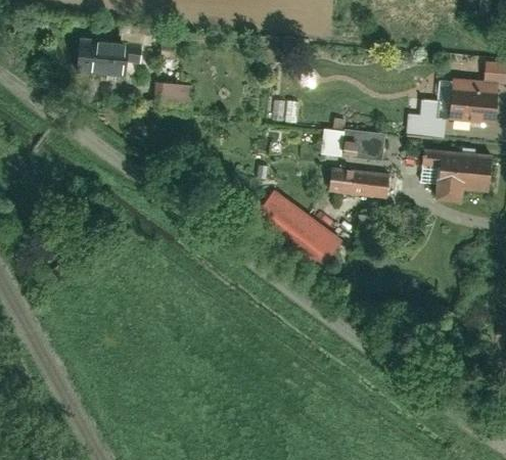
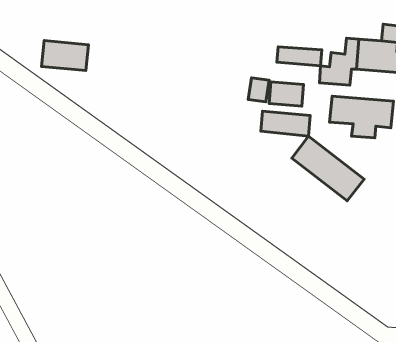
building: [74,39,131,76] -> [42,40,88,71]
building: [155,81,192,102] -> none
building: none -> [277,47,322,66]
building: [256,190,343,269] -> [292,136,364,201]

